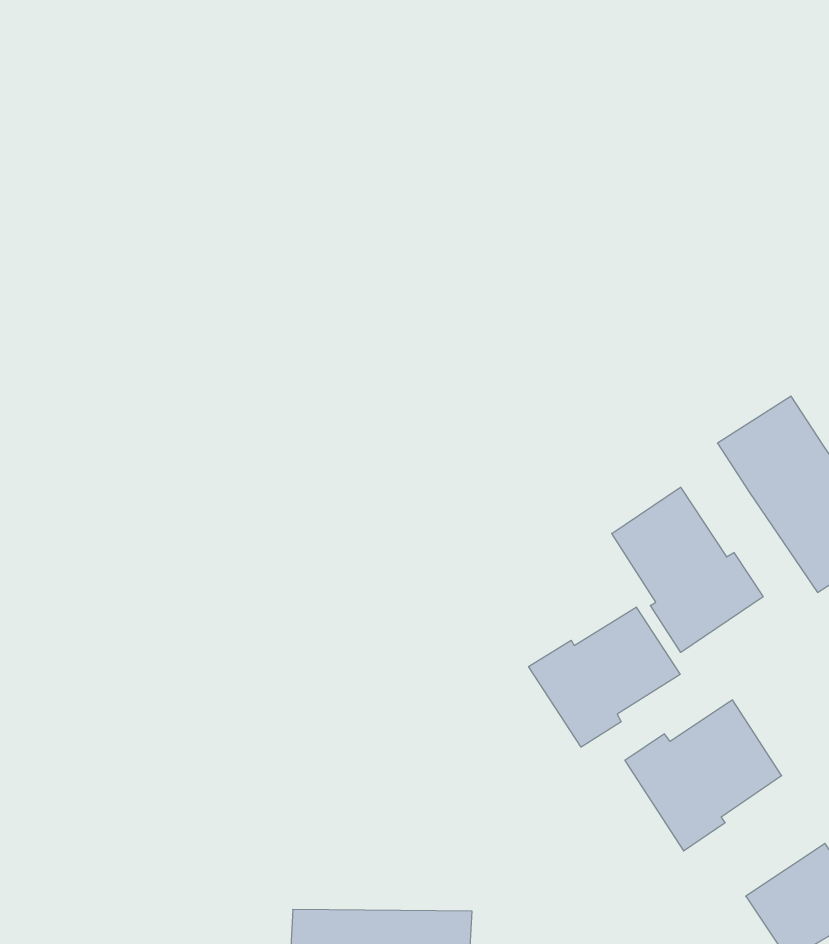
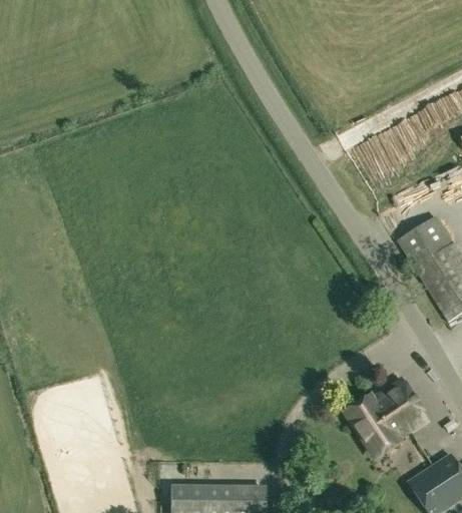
building: [612,487,763,652] -> none
building: [529,607,680,747] -> none

